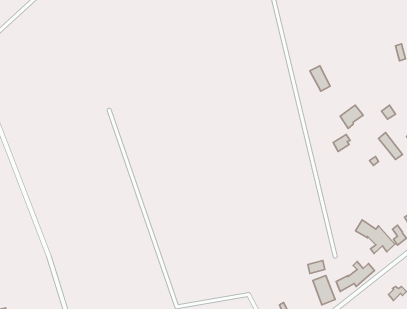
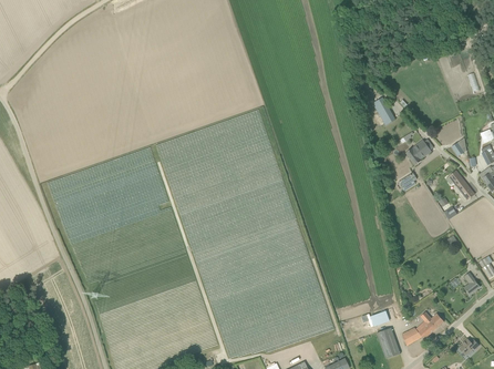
building: [356,220,395,253] -> none

